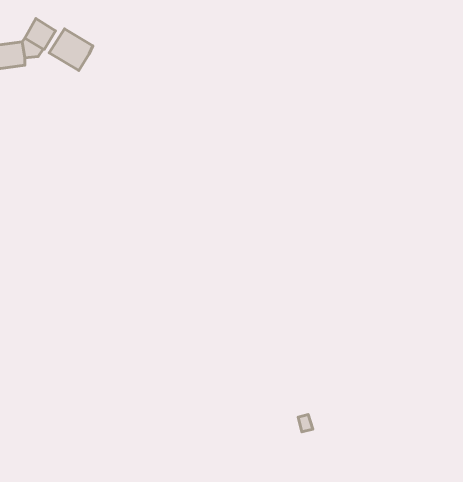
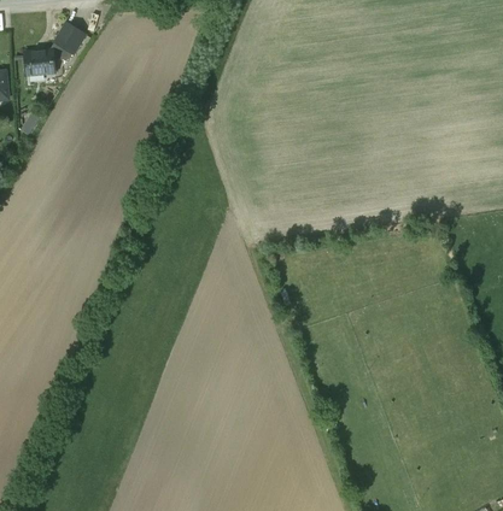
building: [49,29,93,70] -> none

